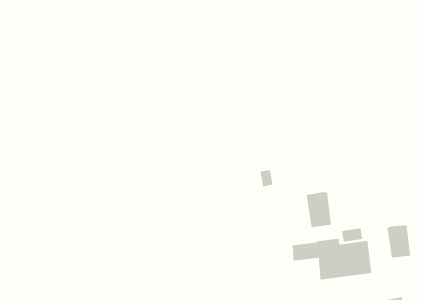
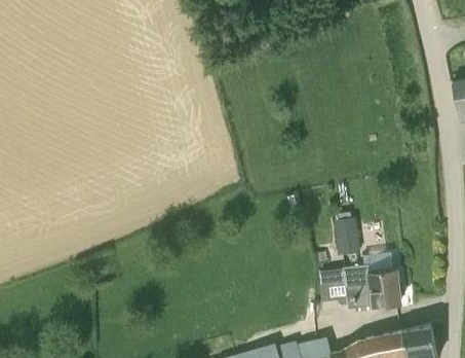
building: [387,224,411,259] -> none

